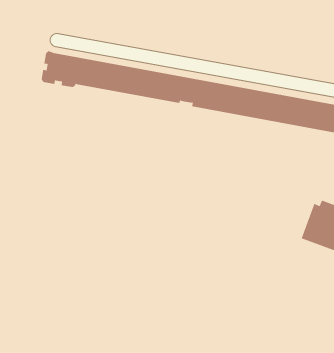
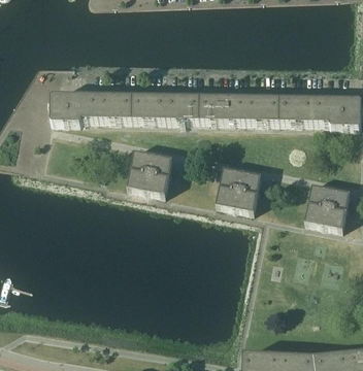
building: none -> [128,147,176,192]
building: none -> [217,164,265,208]

